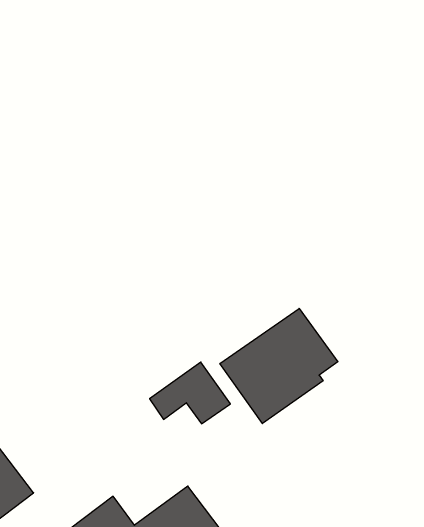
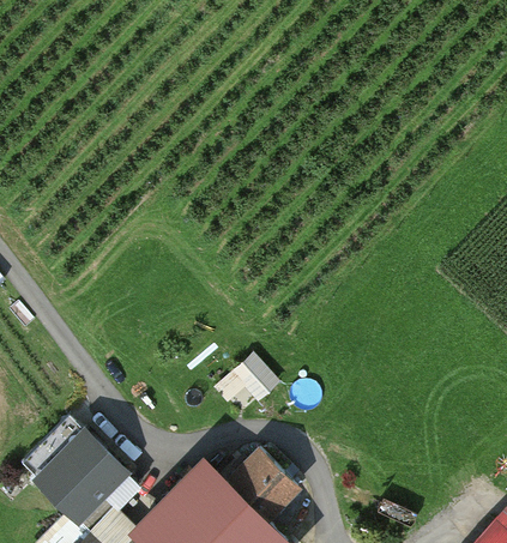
building: [220,308,338,424] -> none

